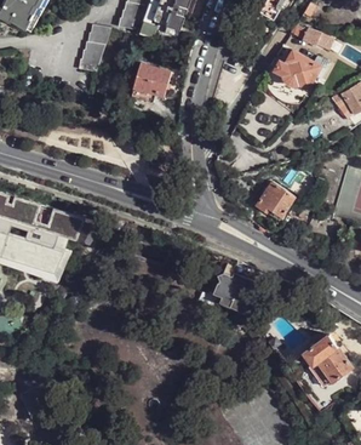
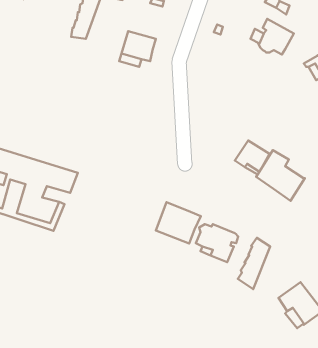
building: none -> [256,150,305,201]
building: none -> [156,202,201,244]
building: none -> [238,238,270,289]

